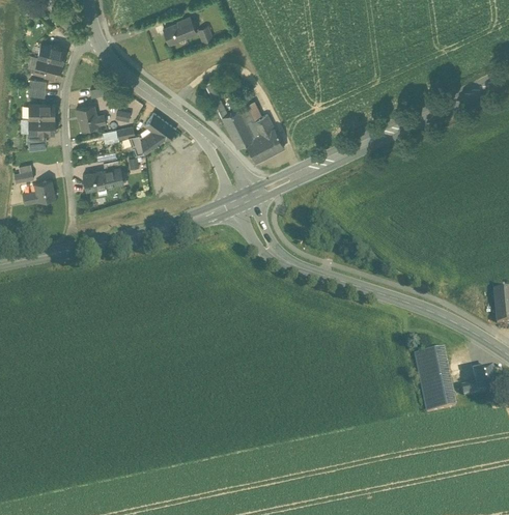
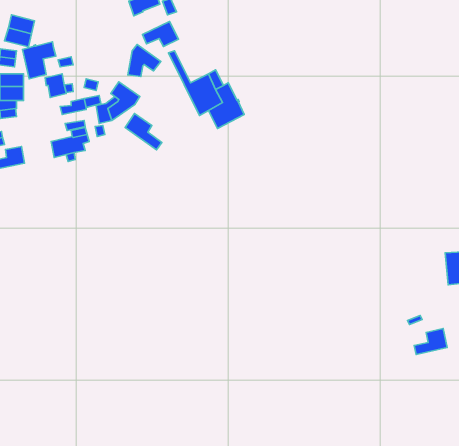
building: none -> [142,22,178,46]
building: none -> [22,42,56,79]
building: none -> [128,45,161,76]
building: none -> [125,113,162,150]
building: [415,348,455,412] -> none

